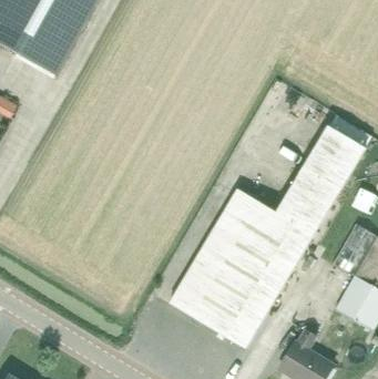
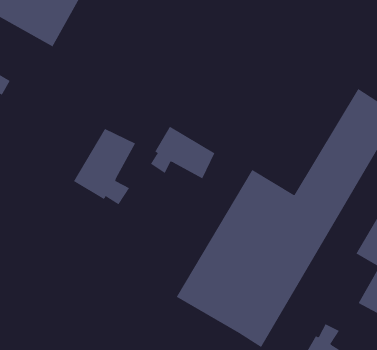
building: none -> [150,126,215,179]
building: none -> [73,128,136,205]

